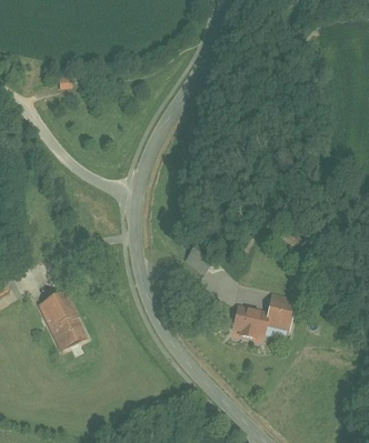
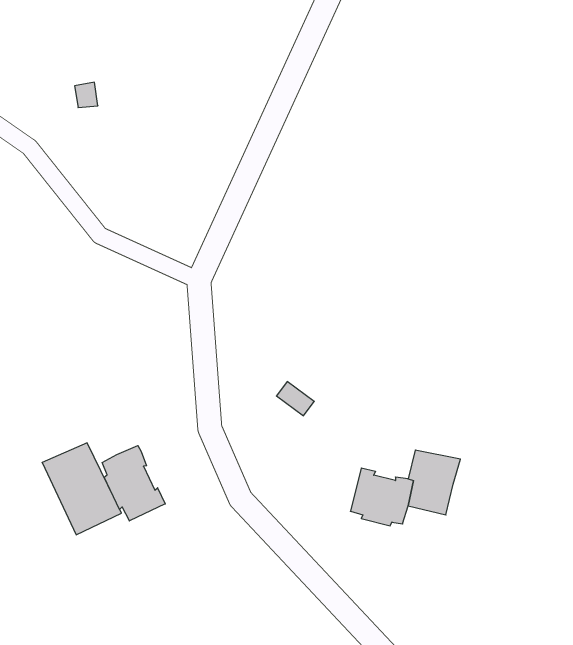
building: none -> [102,446,165,521]

